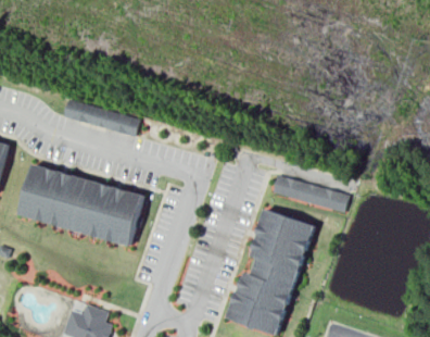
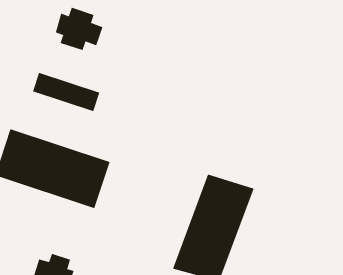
building: none -> [55,7,103,51]
building: [269,167,351,214] -> none

